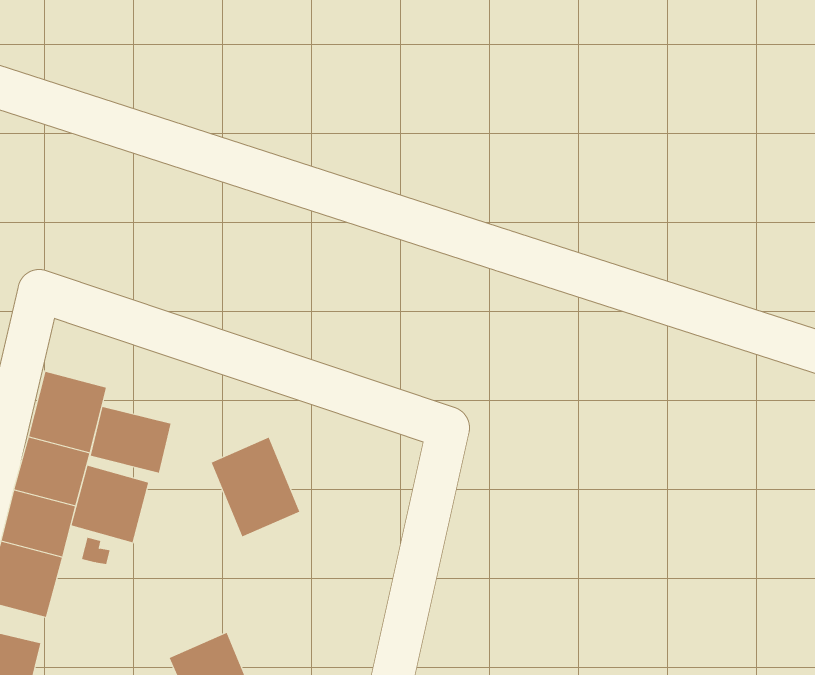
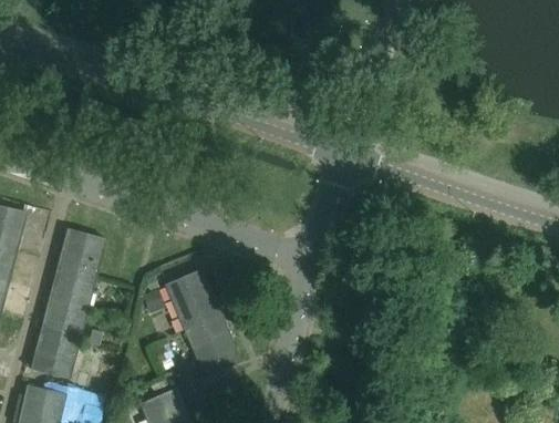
building: [90,406,171,473] -> none
building: [71,465,149,543] -> none
building: none -> [186,314,241,375]

